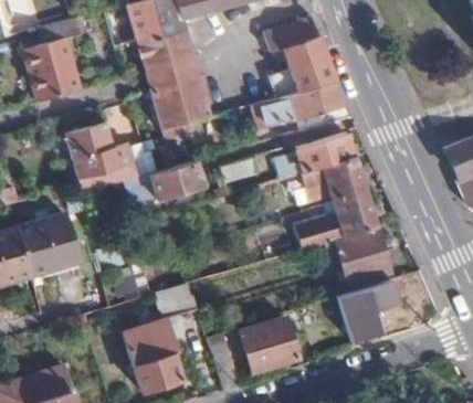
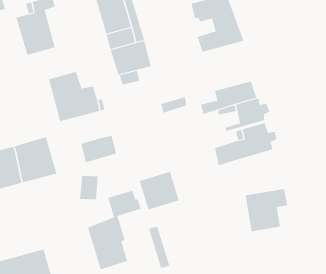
building: [254,82,354,135] -> none
building: [155,161,204,199] -> [80,135,117,163]
building: [324,229,389,285] -> none
building: [241,318,296,371] -> [139,171,180,210]

